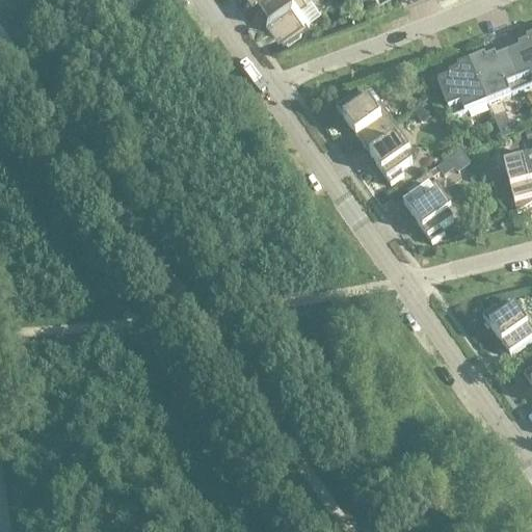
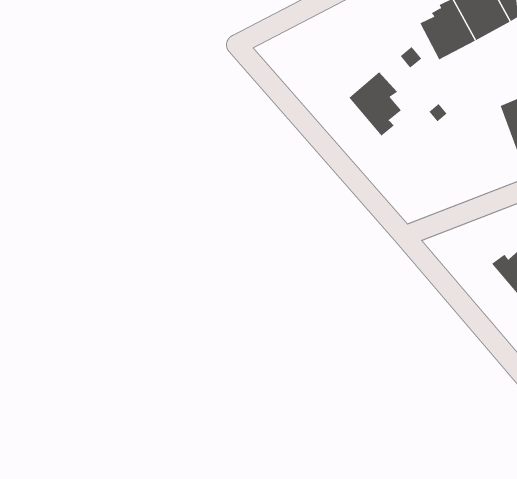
building: [336,88,394,140] -> none
building: [403,176,452,238] -> none

